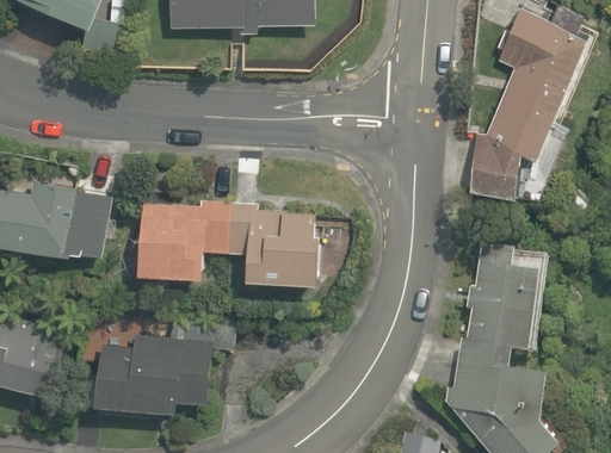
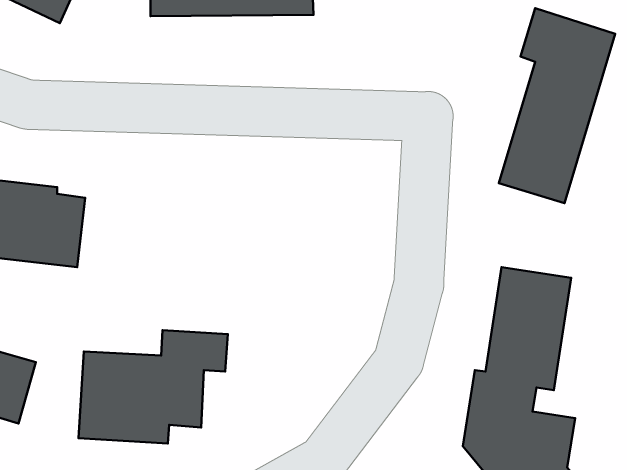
building: [143,192,326,285] -> none

